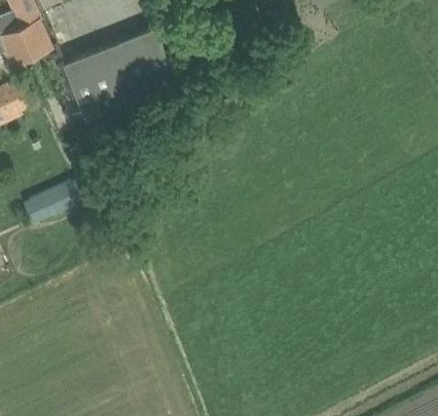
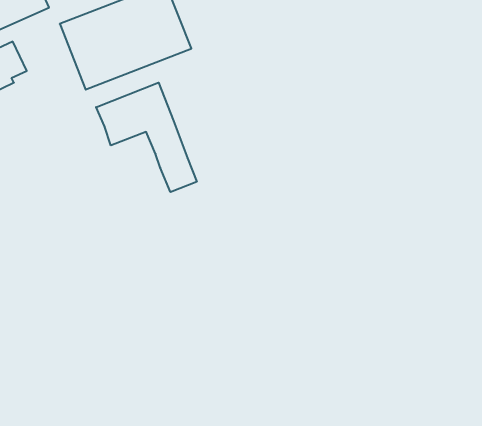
building: none -> [96,83,197,192]
building: [27,182,78,220] -> none

